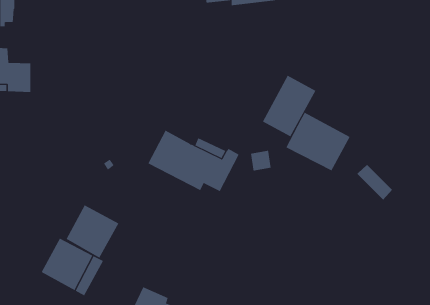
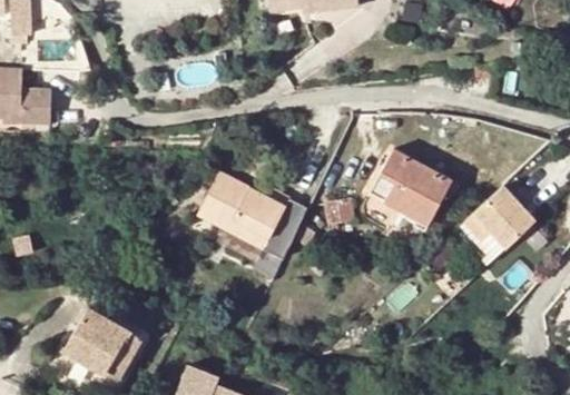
building: [262,75,316,137] -> none
building: none -> [473,186,535,247]
building: [66,204,119,259] -> none

